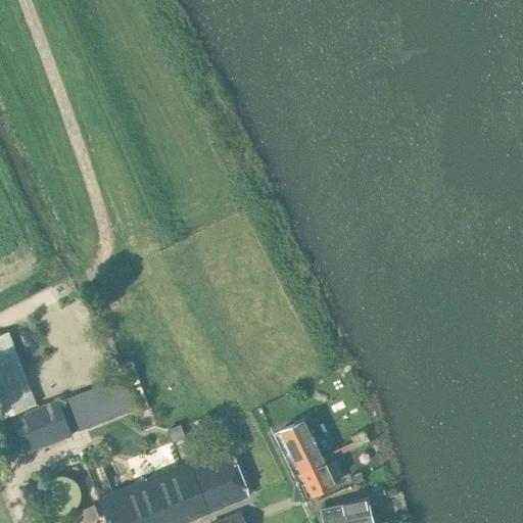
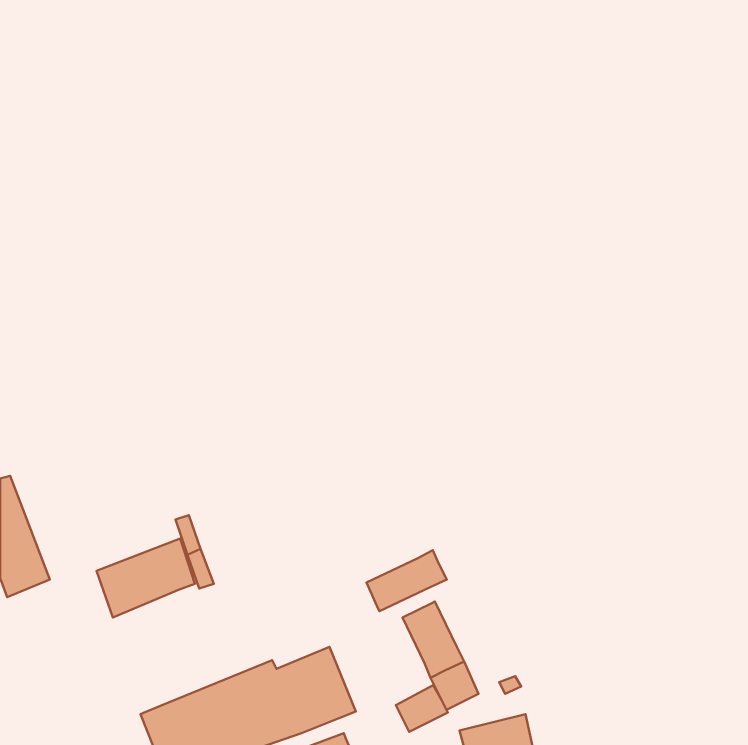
building: none -> [366,550,447,611]
building: [11,401,72,456] -> none
building: none -> [396,685,448,732]

